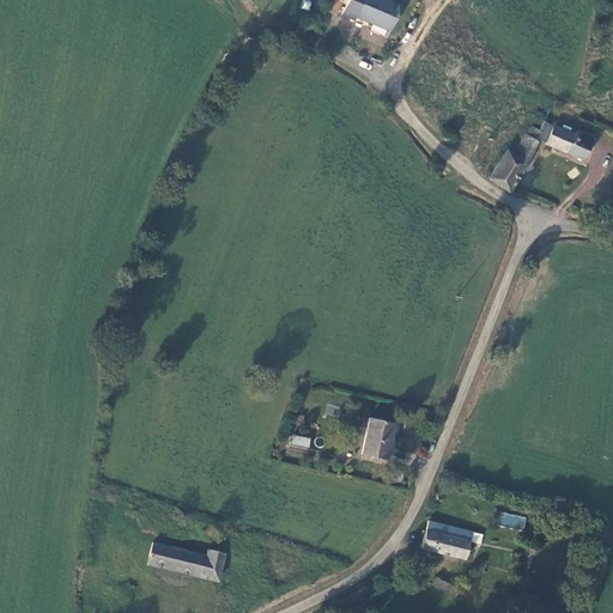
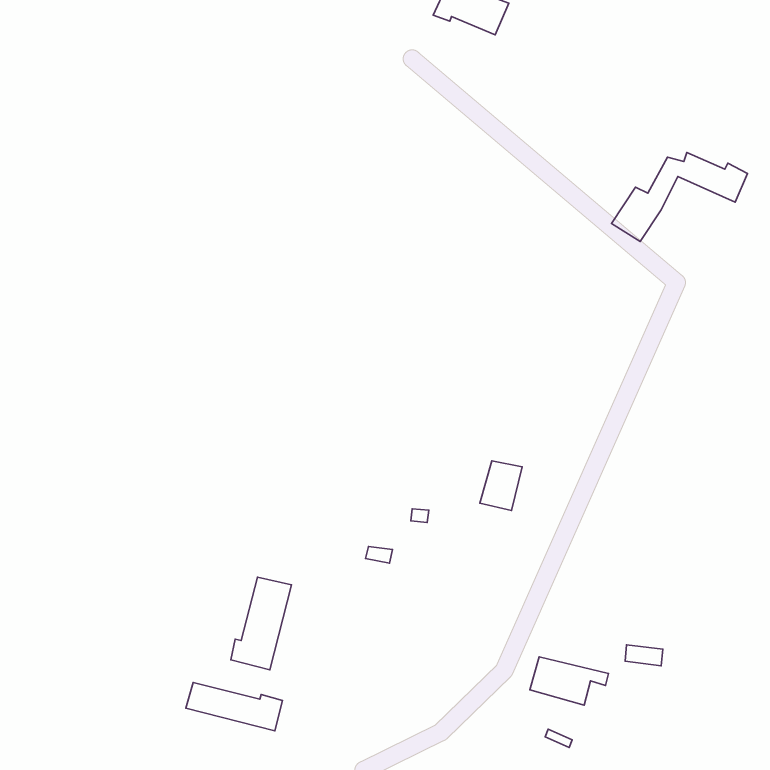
building: [362,418,395,457] -> [480,461,522,511]
building: none -> [231,577,292,670]

